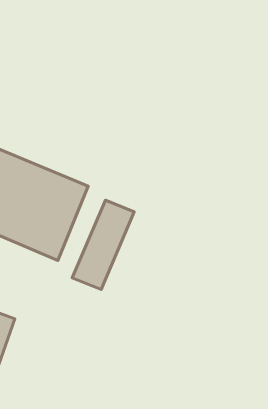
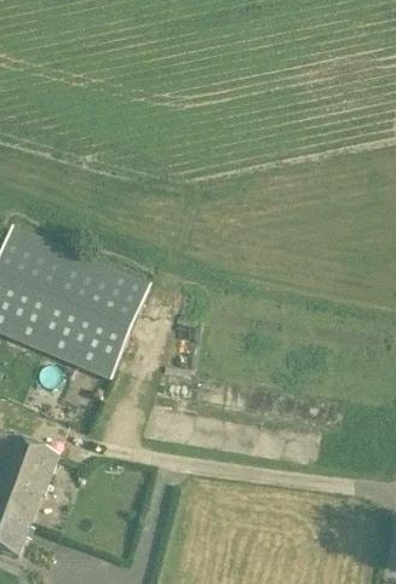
building: [72,200,134,290] -> none

